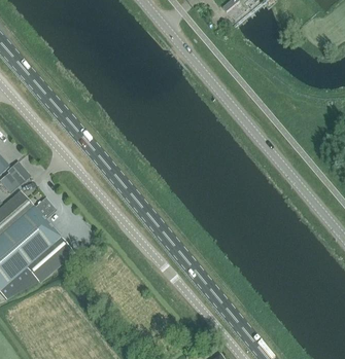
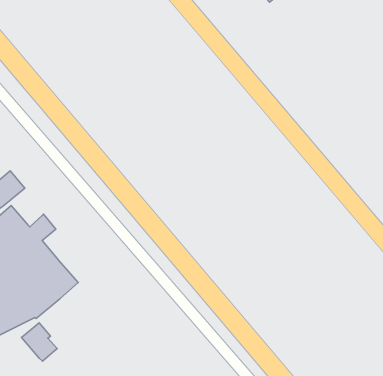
building: none -> [21,323,57,361]

